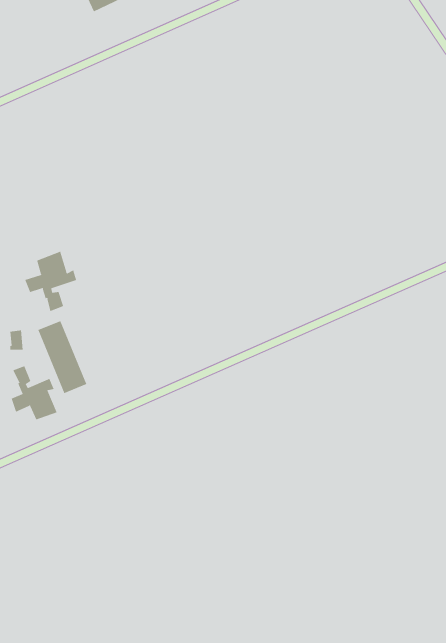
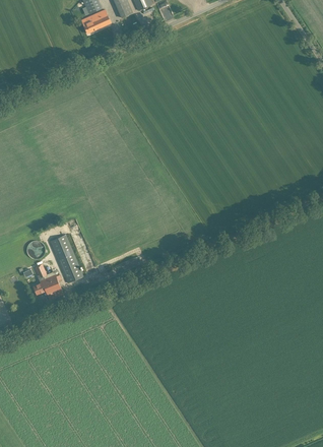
building: [24,251,77,312] -> none

